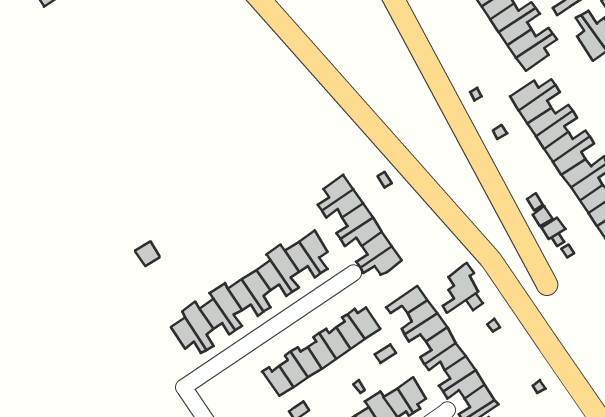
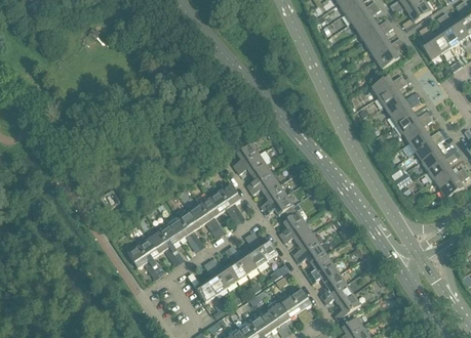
building: [443,263,478,313] -> [279,202,305,238]

